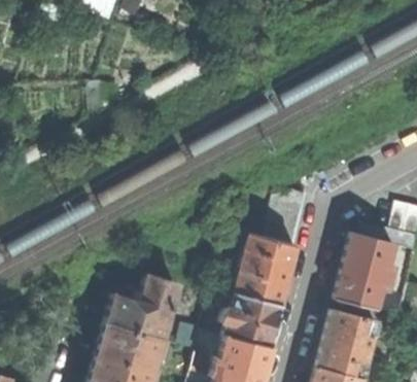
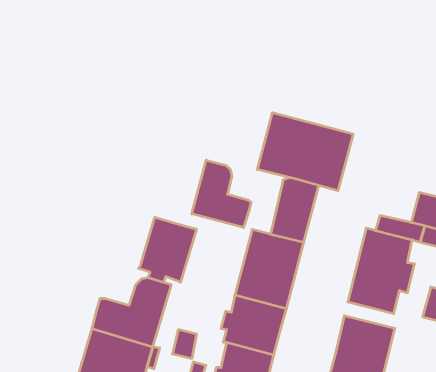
building: none -> [257,113,353,191]
building: none -> [192,160,251,228]
building: none -> [139,217,196,282]

